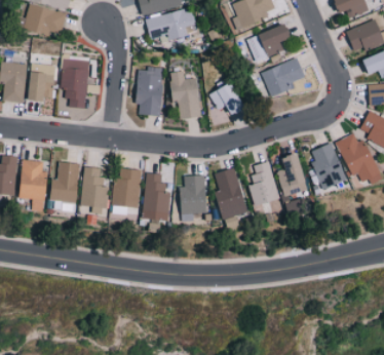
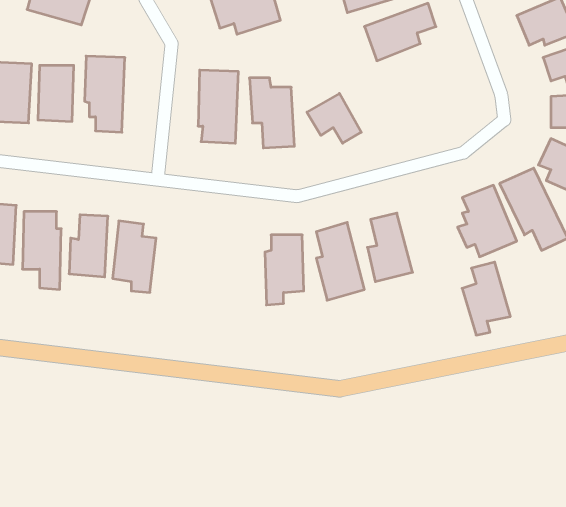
building: [261,56,306,96] -> none
building: [276,154,308,202] -> [462,262,510,335]
building: [113,168,141,211] -> none
building: [143,172,170,220] -> none

